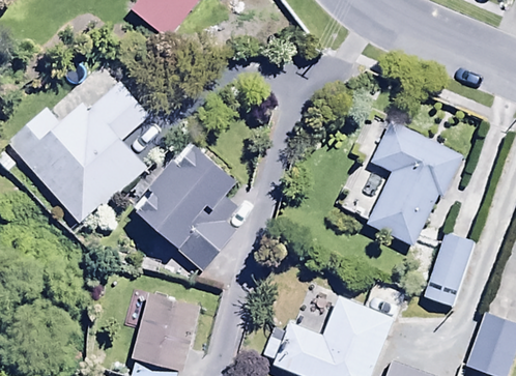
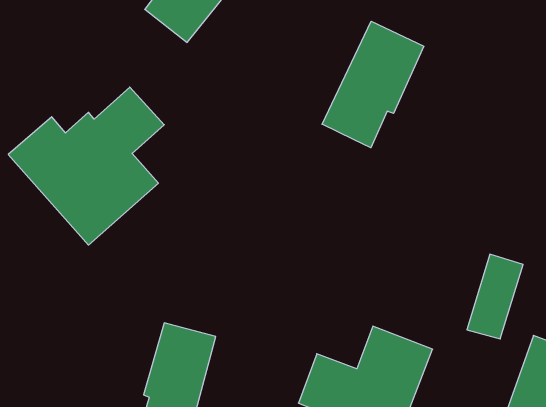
building: none -> [322,21,424,148]
building: [364,121,463,250] -> none
building: [131,140,238,270] -> none

